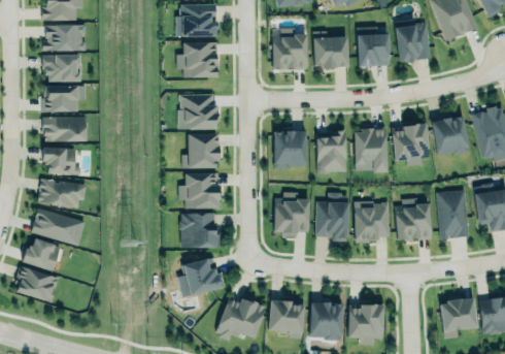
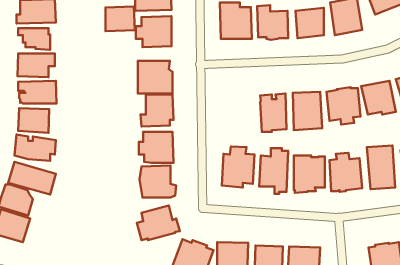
building: none -> [105,7,135,31]
building: [273,133,305,168] -> none

